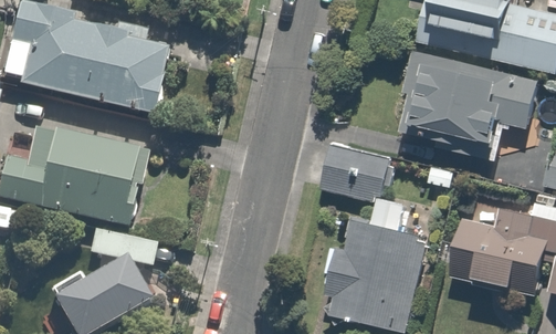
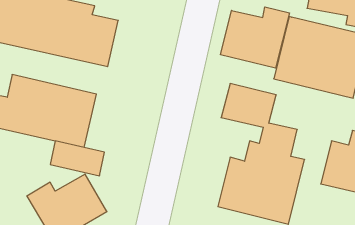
building: none -> [221,7,289,68]

